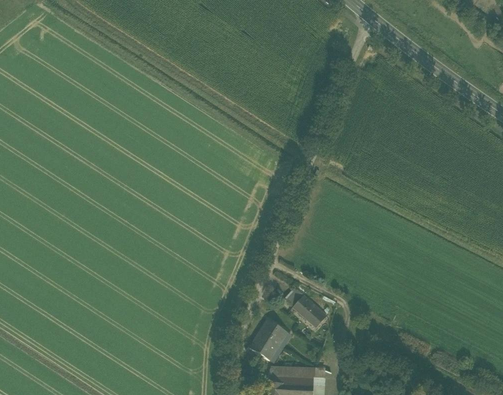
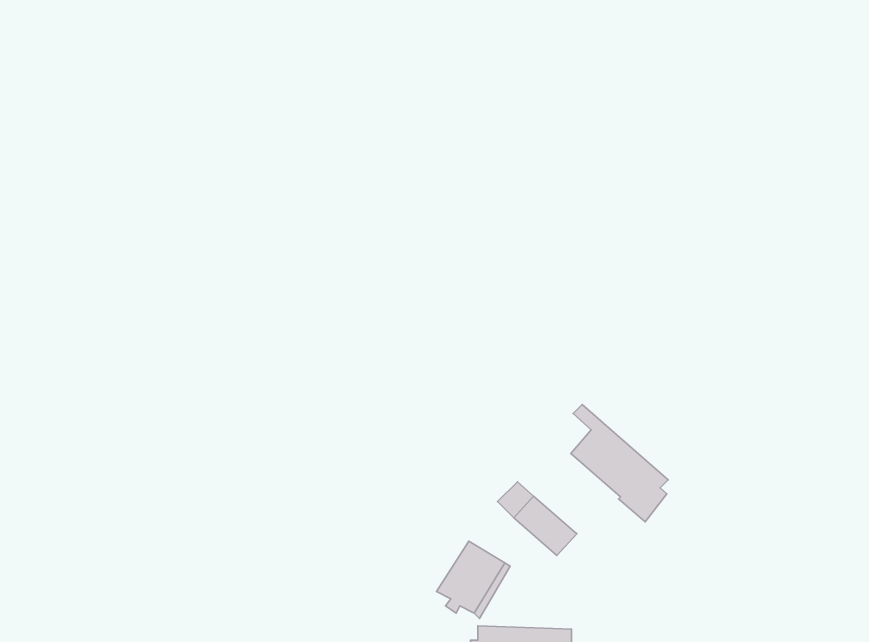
building: none -> [571,405,668,522]

